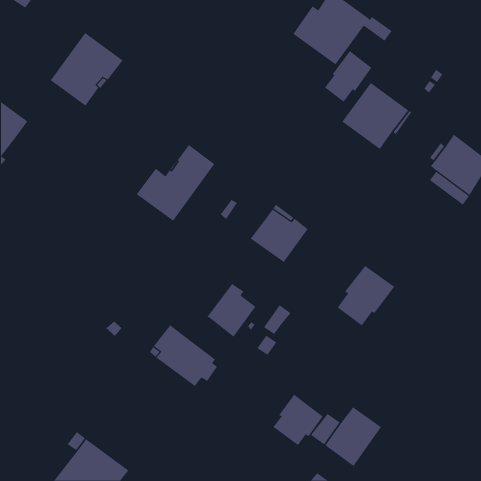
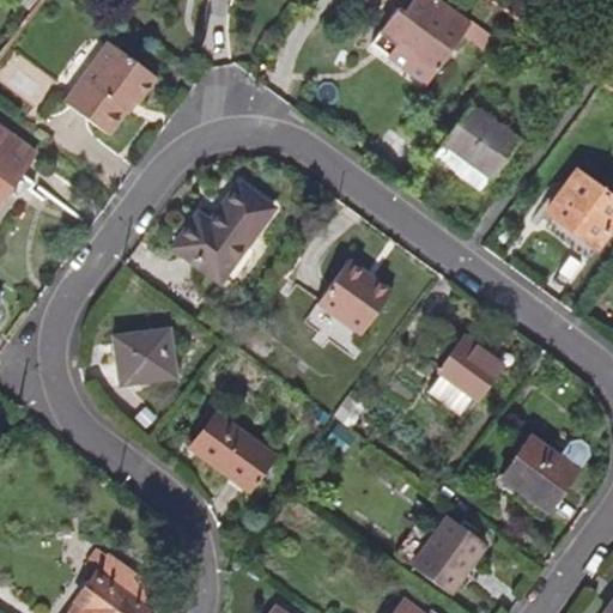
building: [324,50,372,102] -> none
building: none -> [114,328,177,383]
building: [206,283,256,337] -> none
building: none -> [499,435,589,517]
building: [273,394,323,446] -> none

